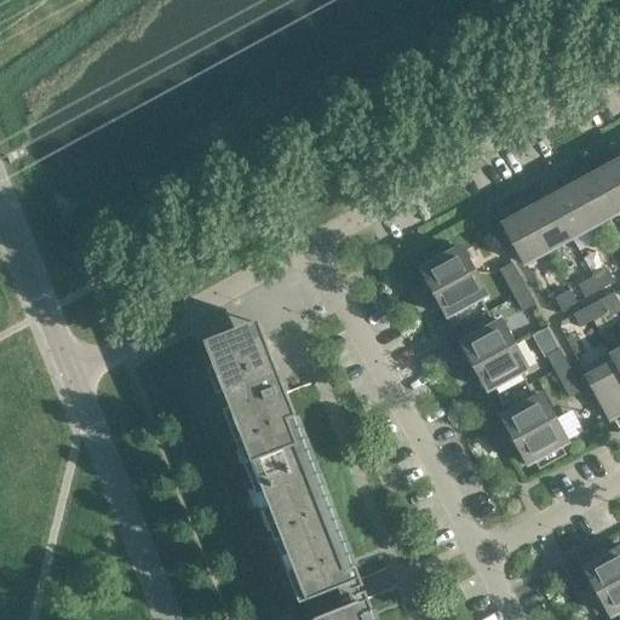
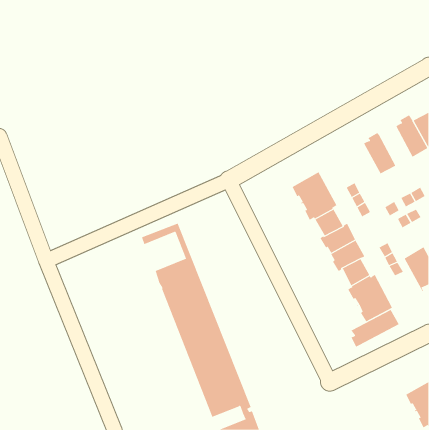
building: [546,177,593,239] -> none
building: [496,202,547,264] -> none
building: [207,334,266,390] -> none
building: none -> [351,309,399,347]

